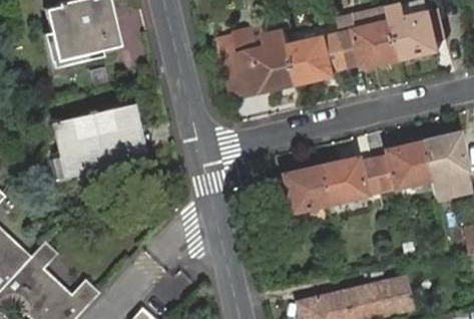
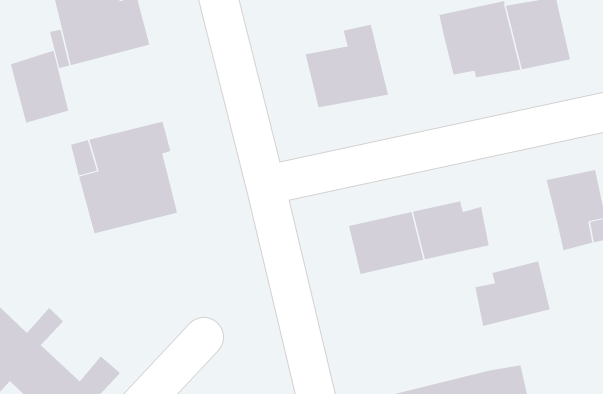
building: [219,19,271,90] -> none
building: [294,31,352,78] -> none
building: none -> [10,50,69,123]
building: [374,143,432,194] -> [475,261,551,326]

